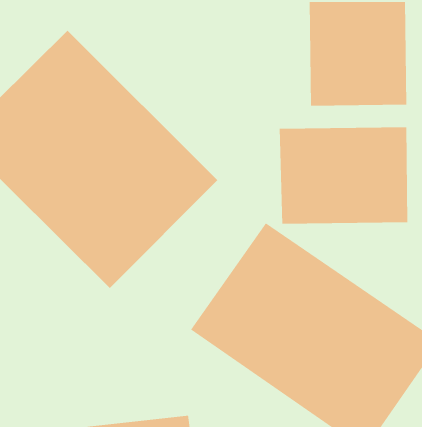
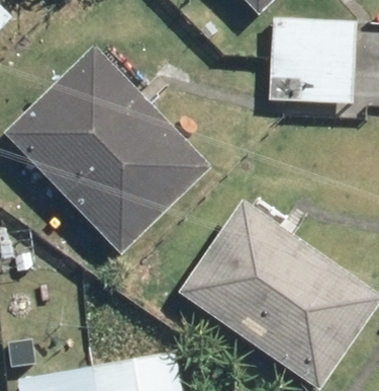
building: [279,127,408,224] -> none

